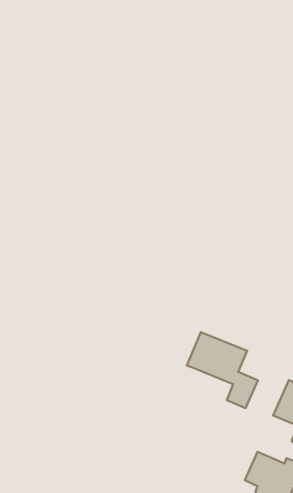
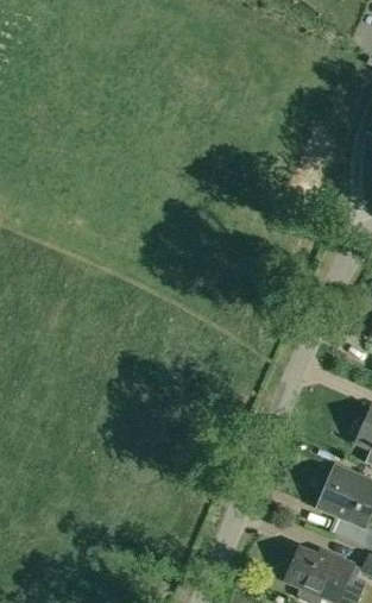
building: [187,332,258,408] -> none

